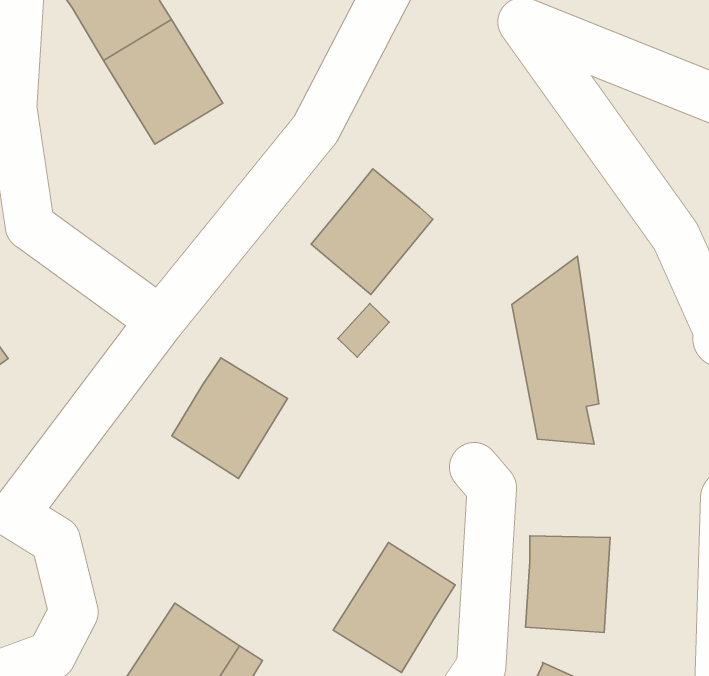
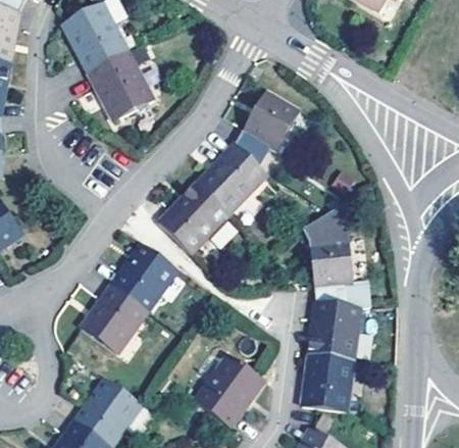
building: none -> [235,91,299,166]
building: none -> [159,183,228,252]
building: none -> [82,285,147,353]
building: none -> [308,301,360,359]

